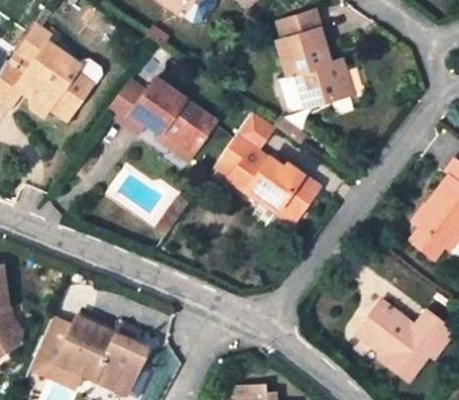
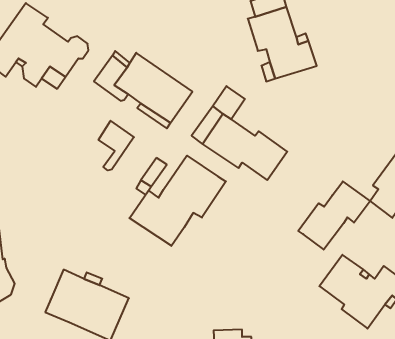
building: none -> [99,121,134,170]
building: none -> [129,156,226,246]
building: none -> [298,181,370,250]
building: [30,340,81,388] -> none

